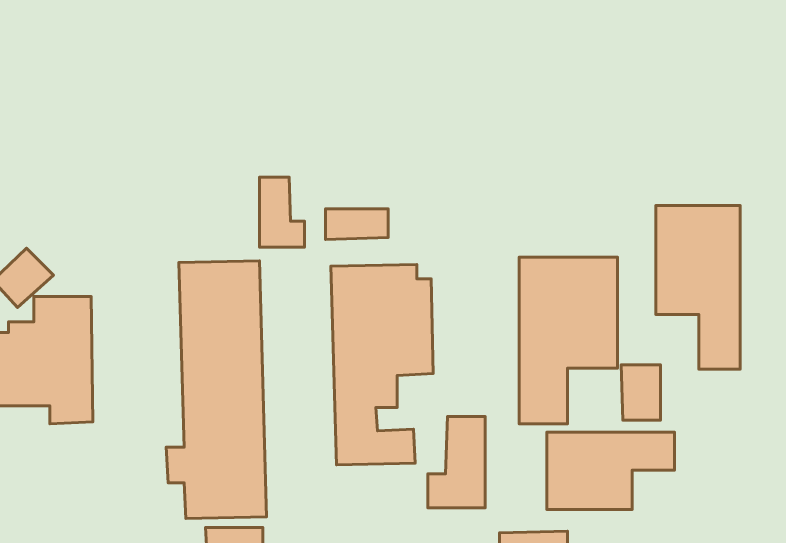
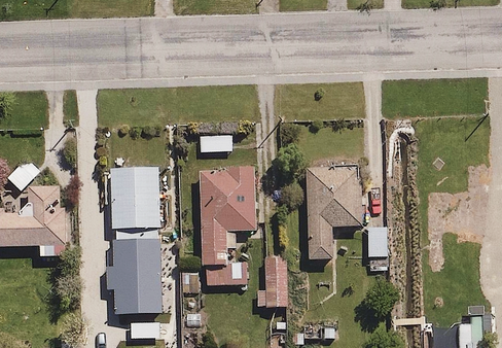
building: [259,177,305,247] -> none
building: [656,206,740,369] -> none
building: [547,432,675,509] -> none

